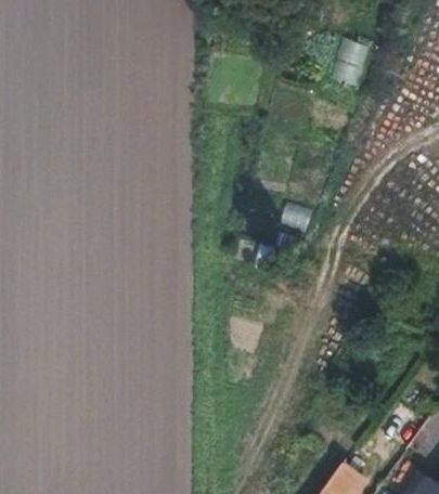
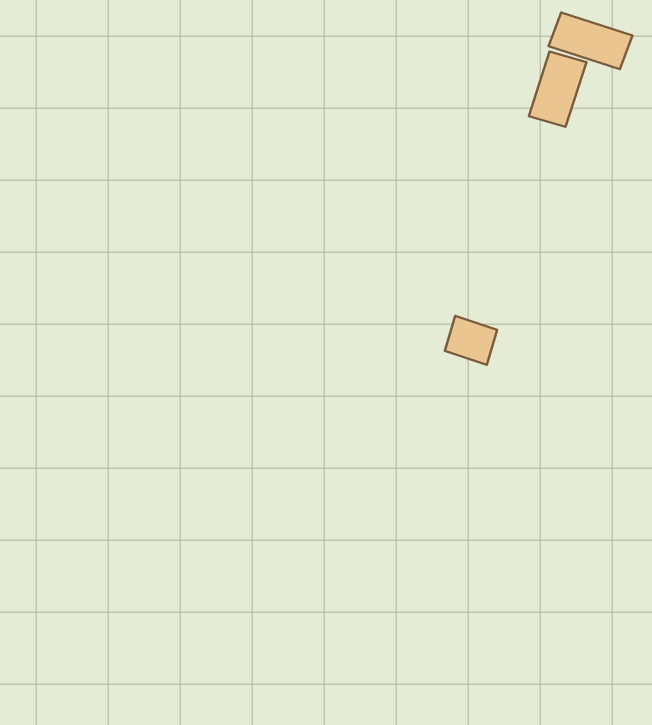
building: none -> [549,12,632,69]

